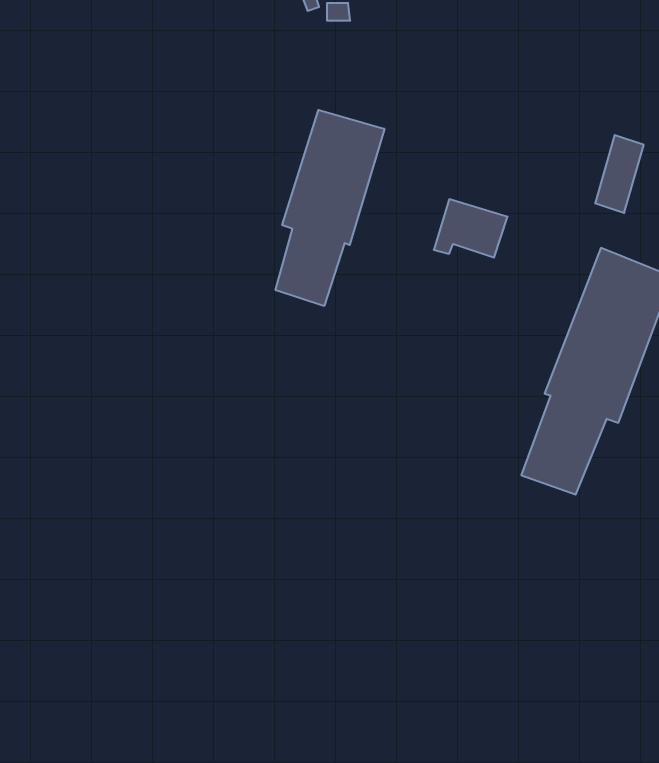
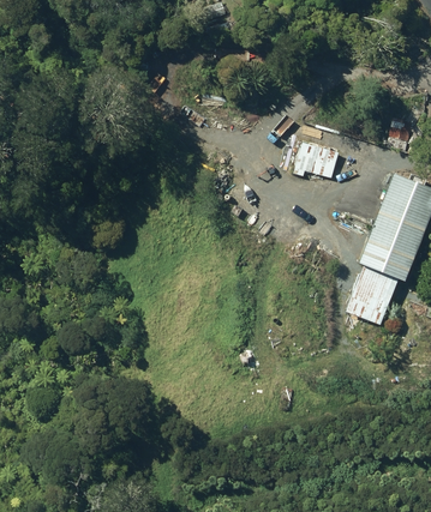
building: [276,110,384,306] -> none

